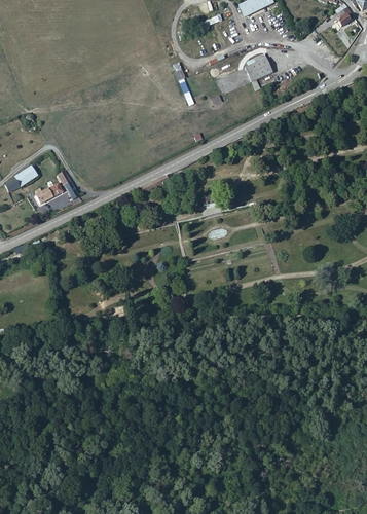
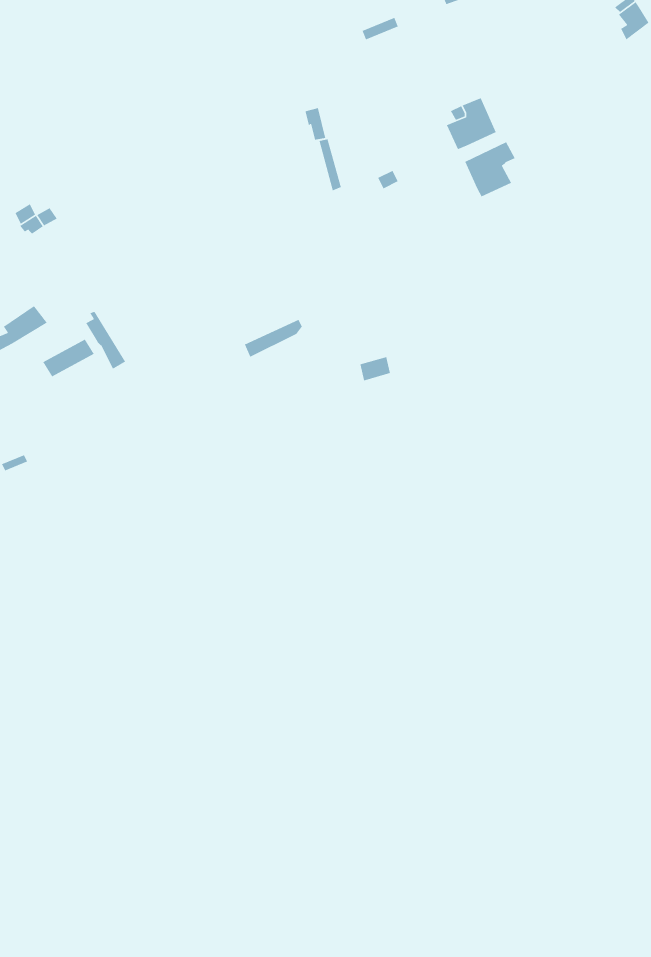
building: none -> [464,141,516,197]

